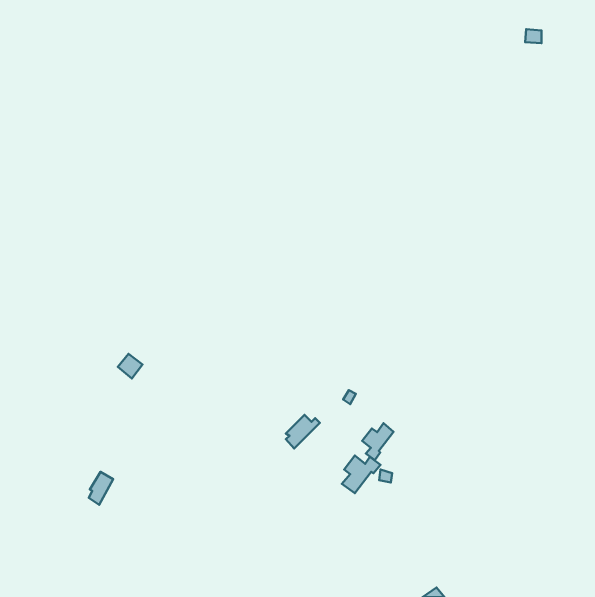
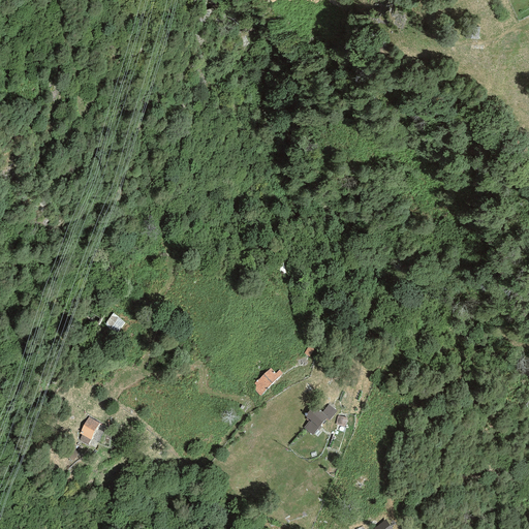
building: [362,423,394,460] -> none

